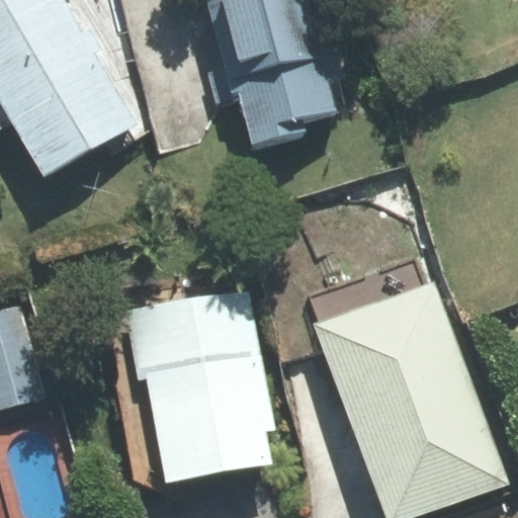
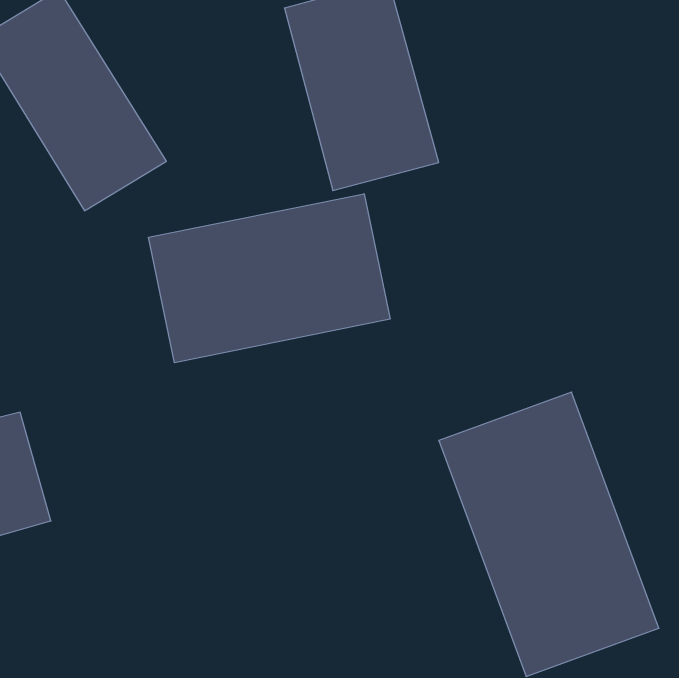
building: none -> [149,194,390,363]
building: [146,299,277,478] -> none

